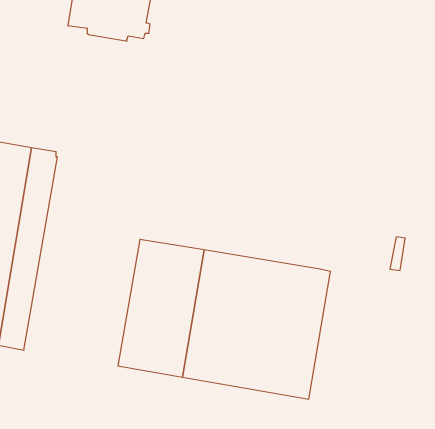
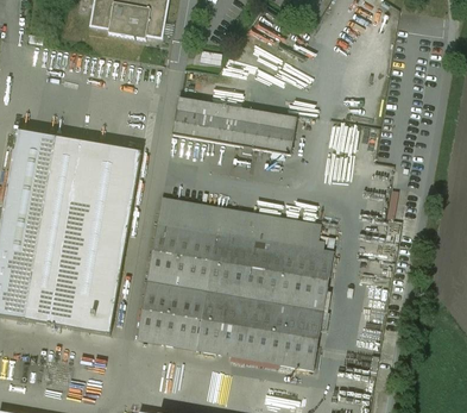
building: none -> [172,96,296,152]
building: none -> [50,145,140,333]
building: none -> [157,196,324,249]

